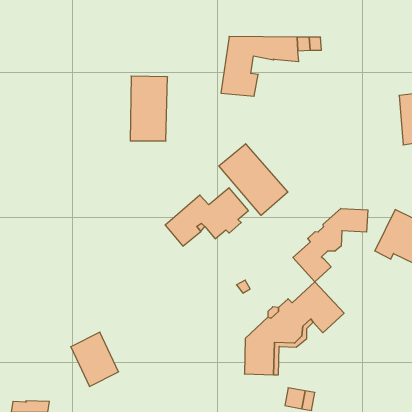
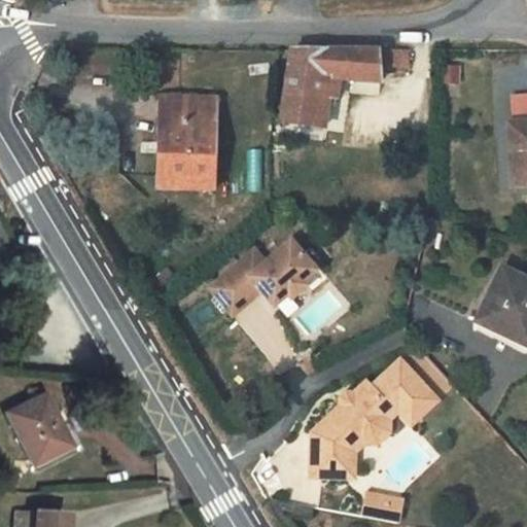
building: [219,144,288,215] -> none
building: [293,208,368,282] -> none
building: [71,332,119,386] -> [7,393,68,462]

